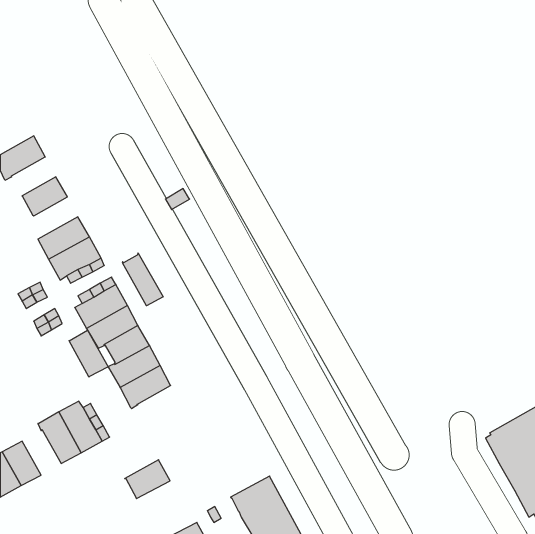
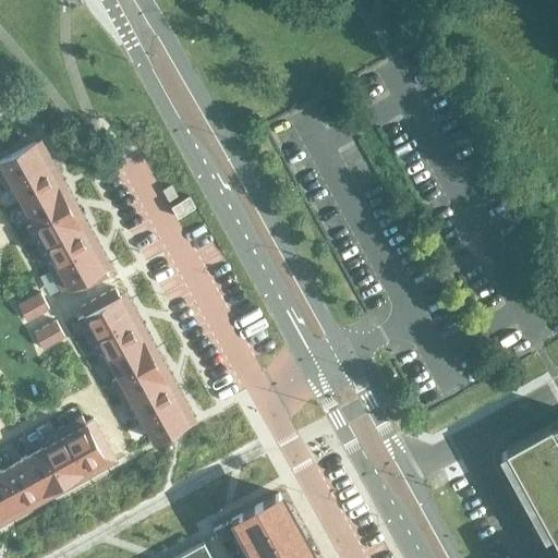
building: none -> [15,167,61,207]
building: none -> [31,208,84,252]
building: [122,253,163,306] -> none
building: [69,330,108,377] -> none
building: none -> [26,449,66,496]
building: [125,460,170,499] -> [145,403,192,444]

